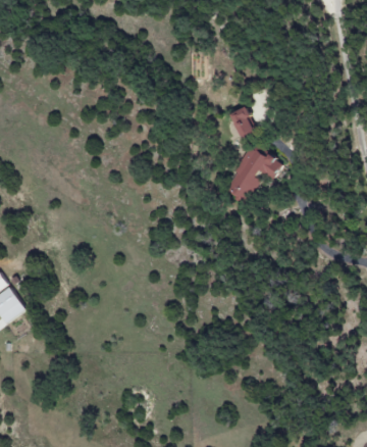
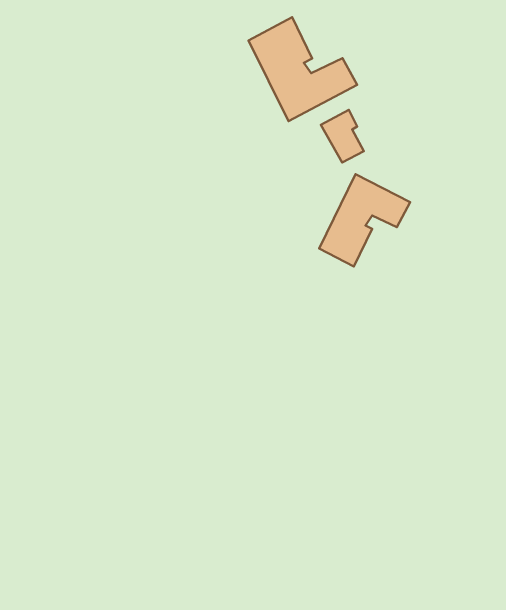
building: none -> [248,17,357,121]

